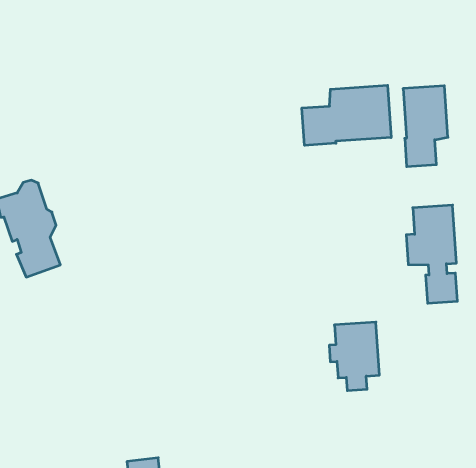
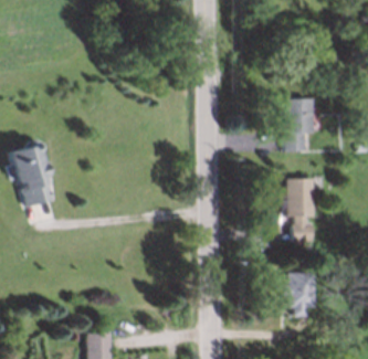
building: [302,85,391,145] -> none
building: [329,322,379,391] -> [283,273,315,317]

